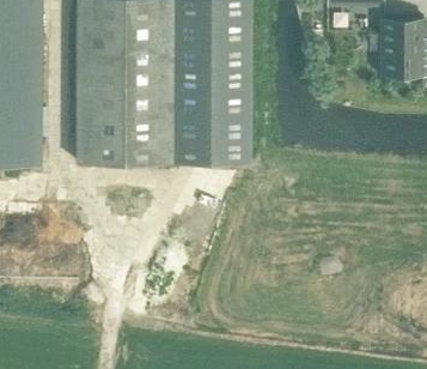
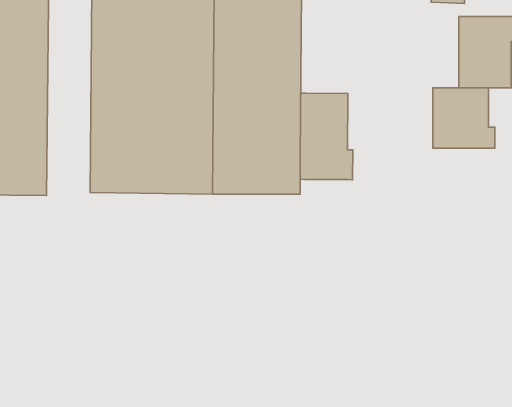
building: none -> [433,88,495,148]
building: none -> [300,93,353,180]

